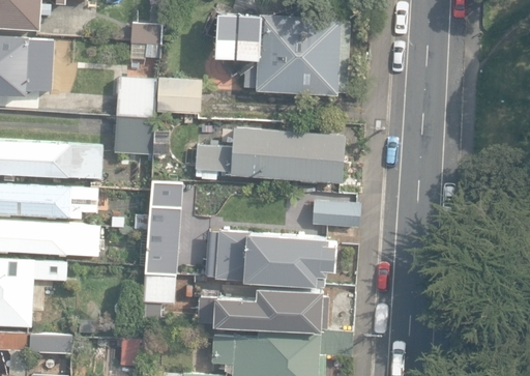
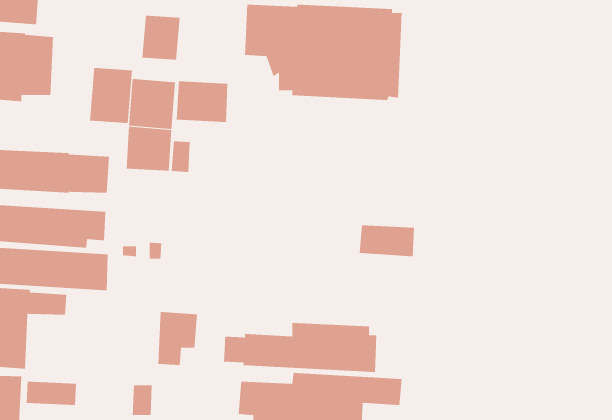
building: none -> [90,67,132,124]
building: [194,127,344,183] -> none
building: [145,180,182,274] -> none
building: [207,230,335,285] -> none

